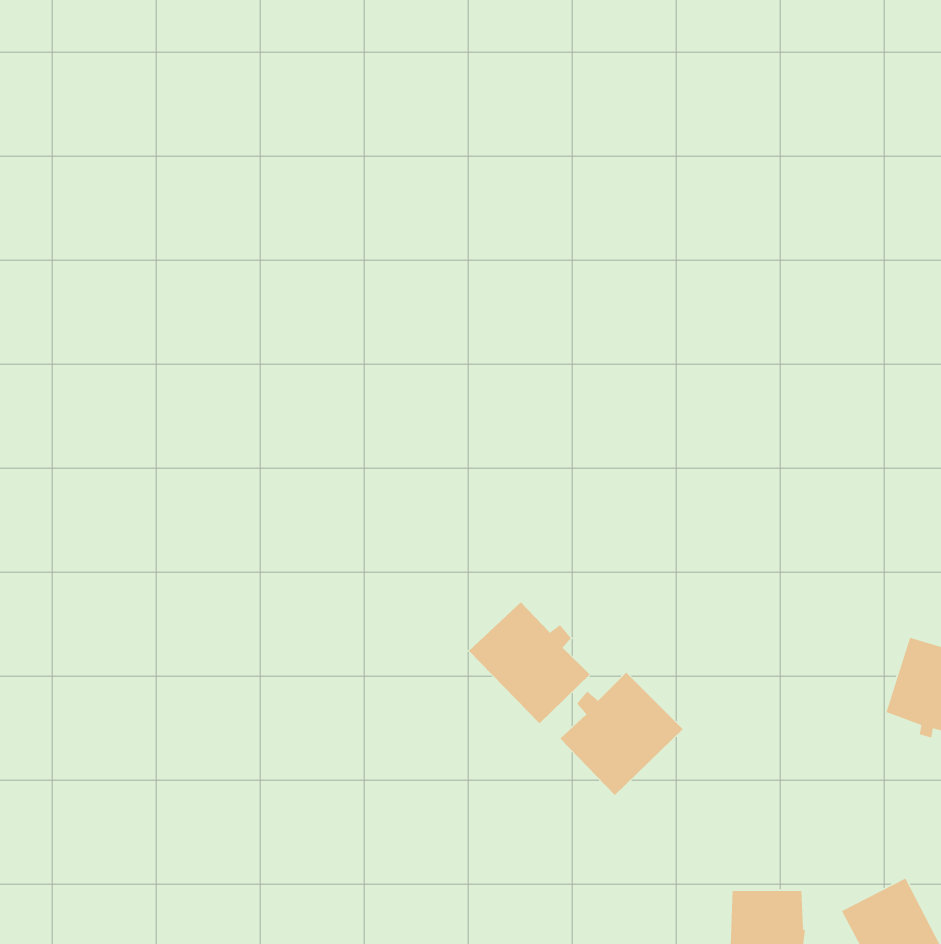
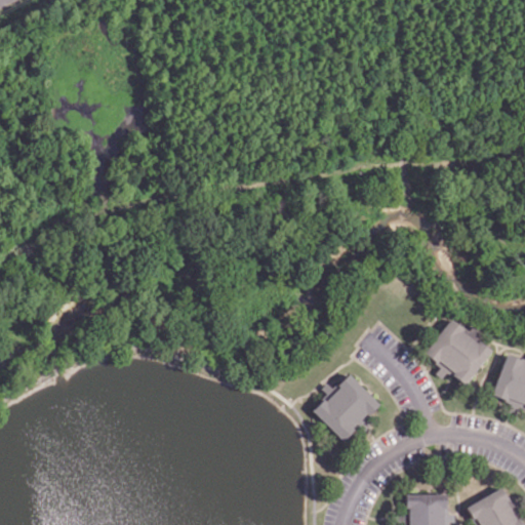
building: none -> [425,319,493,388]
building: [468,601,590,724] -> none

